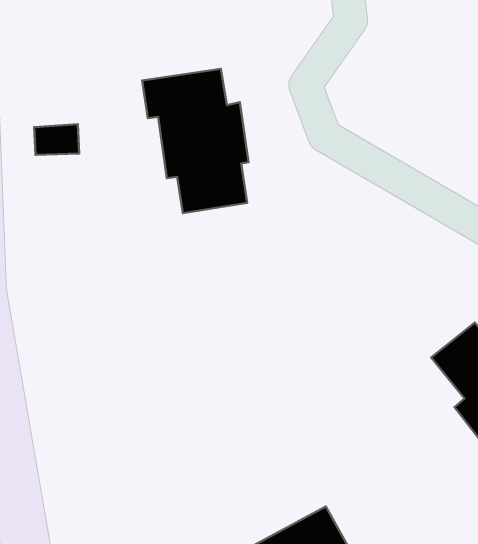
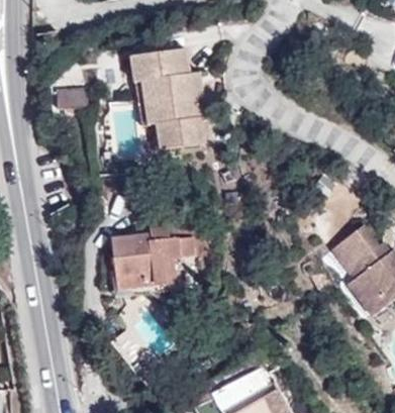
building: none -> [110,226,194,289]

